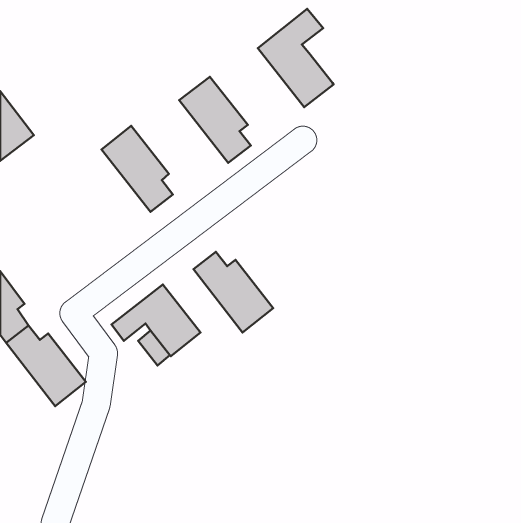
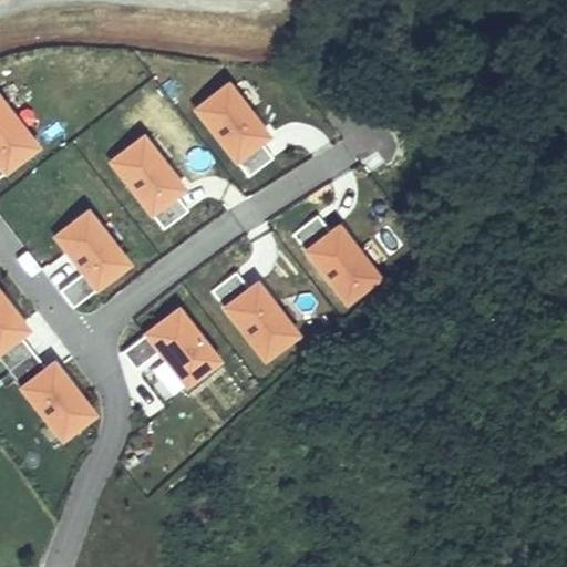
building: [258,9,333,107] -> none
building: none -> [55,210,130,307]
building: none -> [292,215,379,302]

